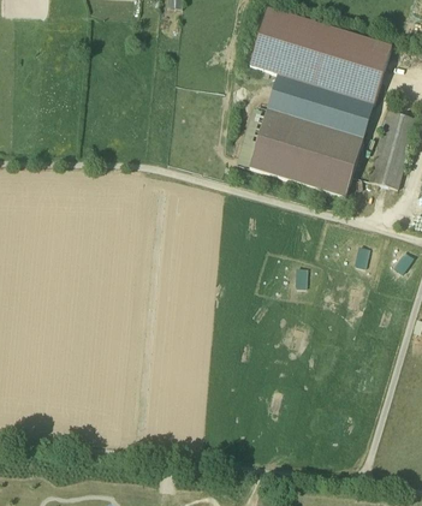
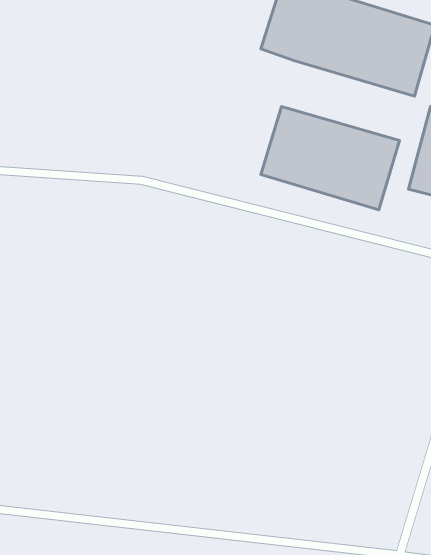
building: [266,75,374,139] -> none

